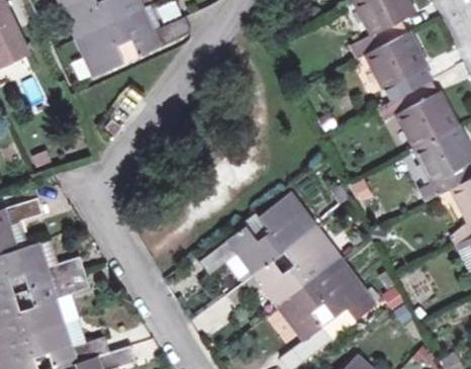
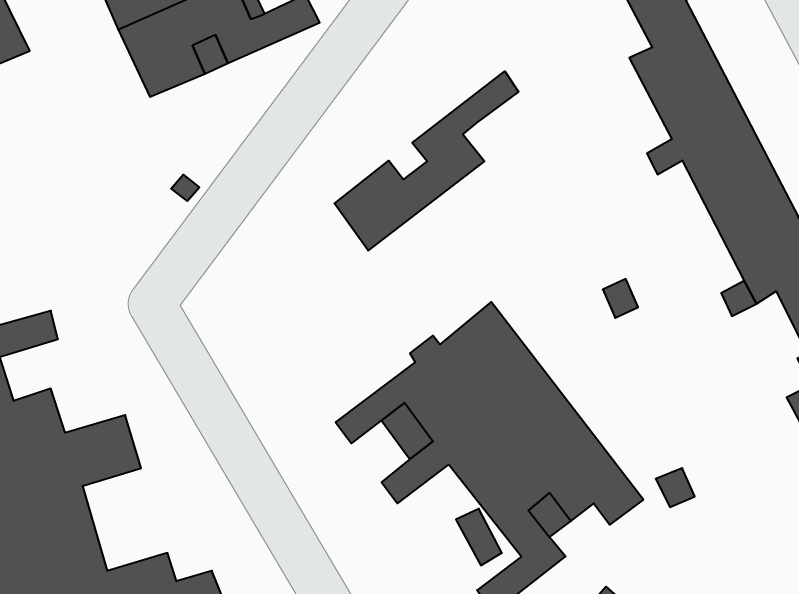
building: none -> [334,71,519,251]

